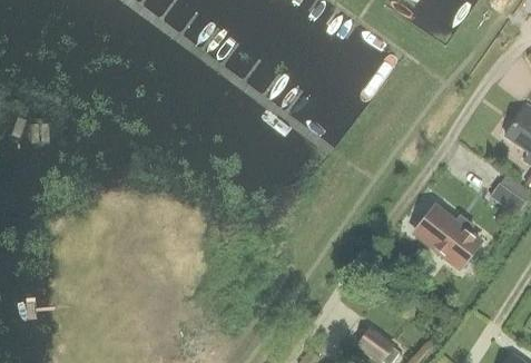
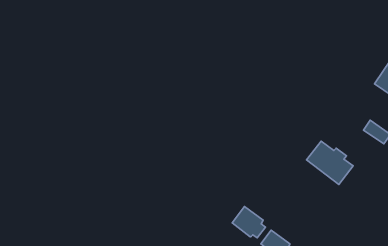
building: none -> [232,207,266,238]

